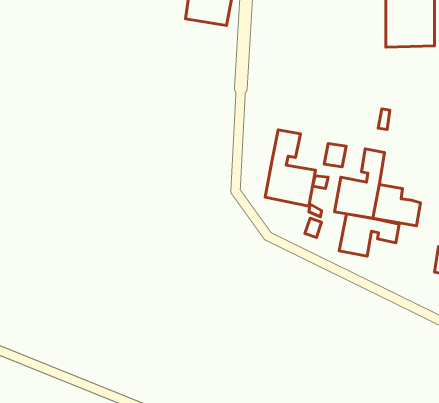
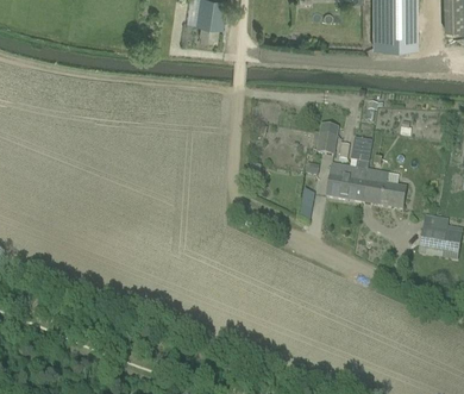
building: [265,130,316,206] -> none
building: [339,214,399,256] -> none

